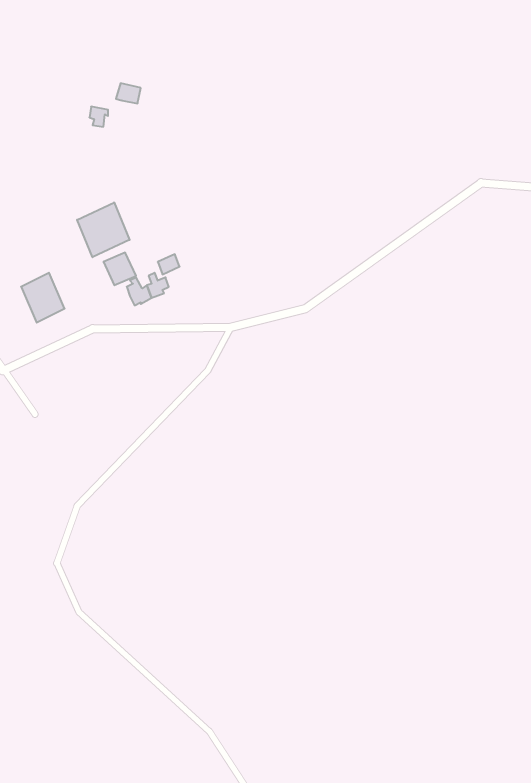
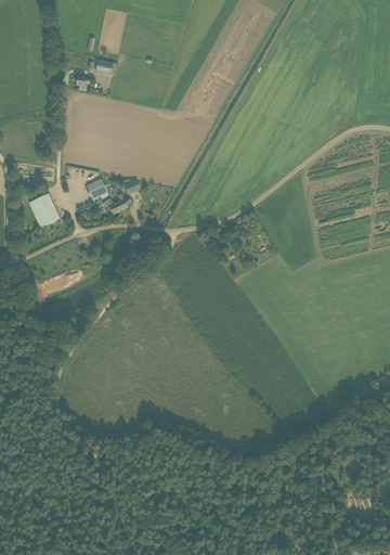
building: [77,202,130,257] -> none

